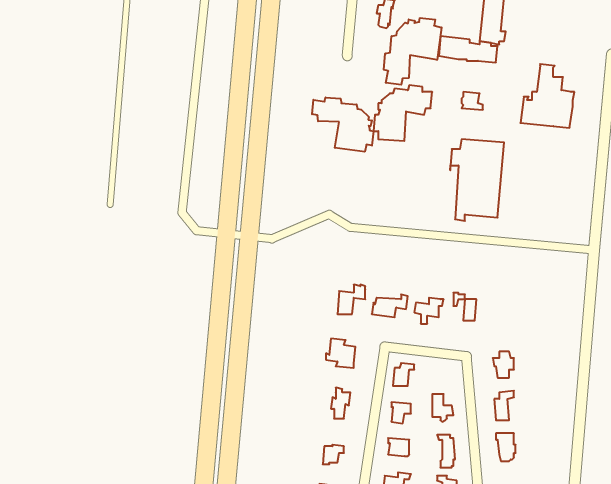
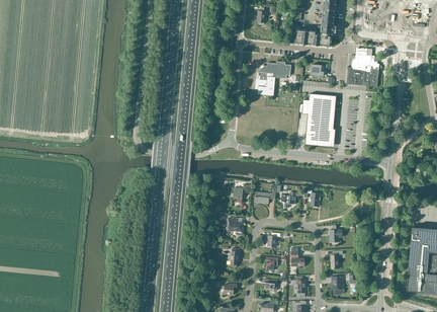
building: [384,18,442,85] -> none
building: [312,97,373,152] -> none

